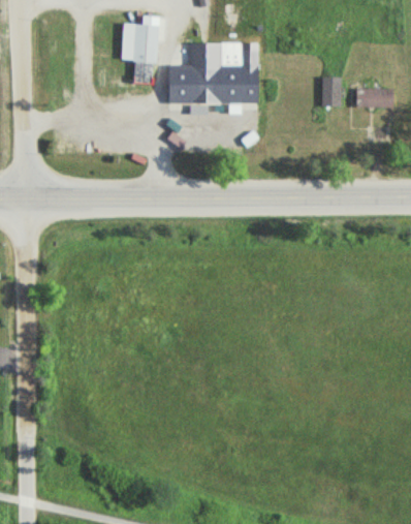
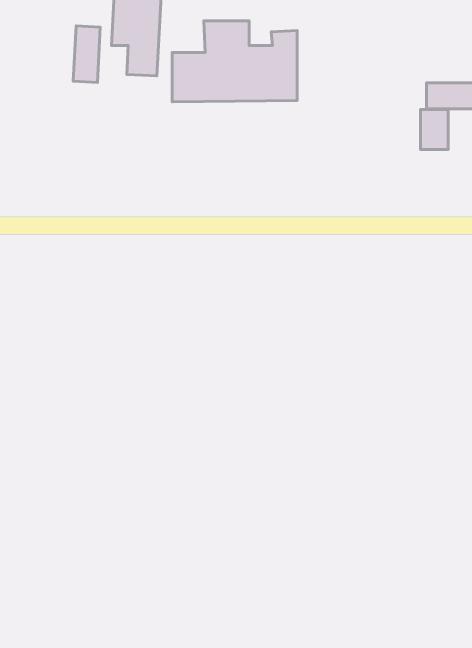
building: none -> [73,26,100,82]
building: [321,76,342,106] -> [421,110,448,149]

